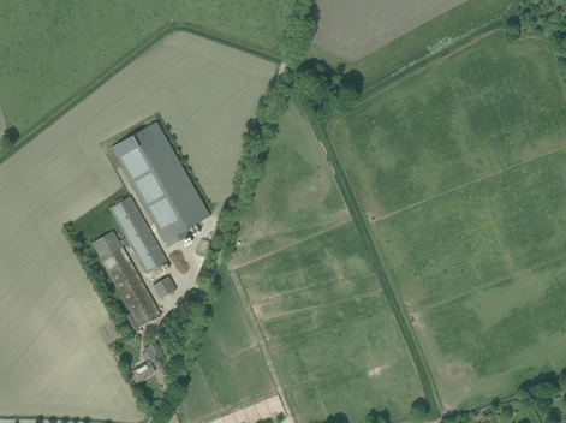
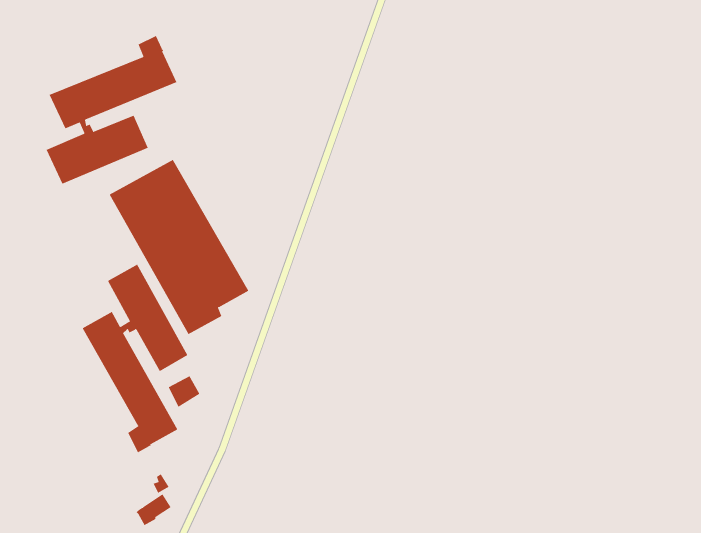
building: none -> [46,35,177,184]

